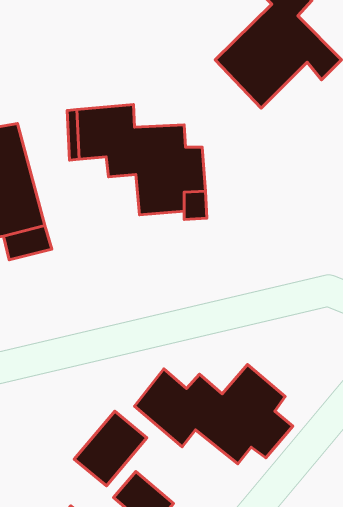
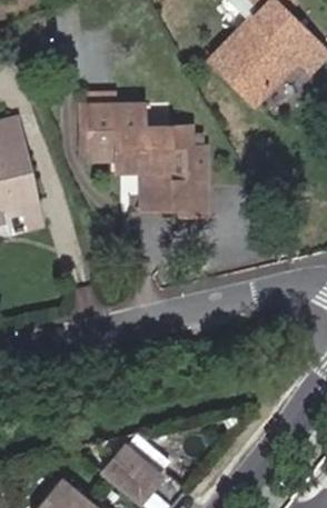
building: [135,365,293,464] -> none
building: [74,411,147,486] -> none

